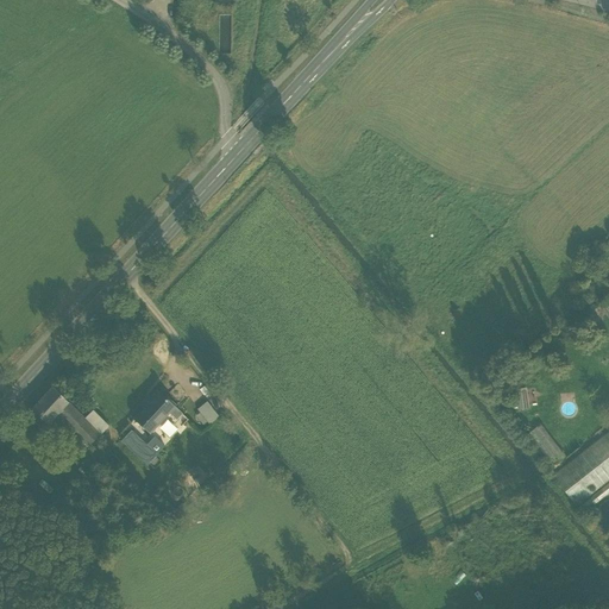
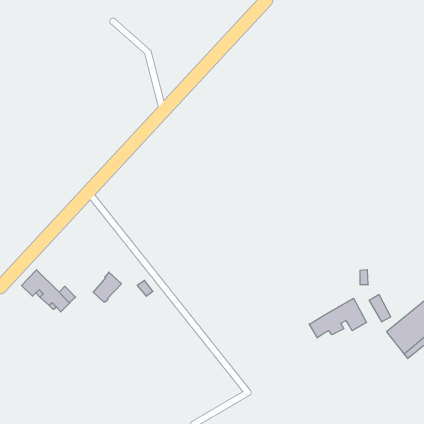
building: none -> [309,298,367,338]
building: [121,429,165,465] -> none

